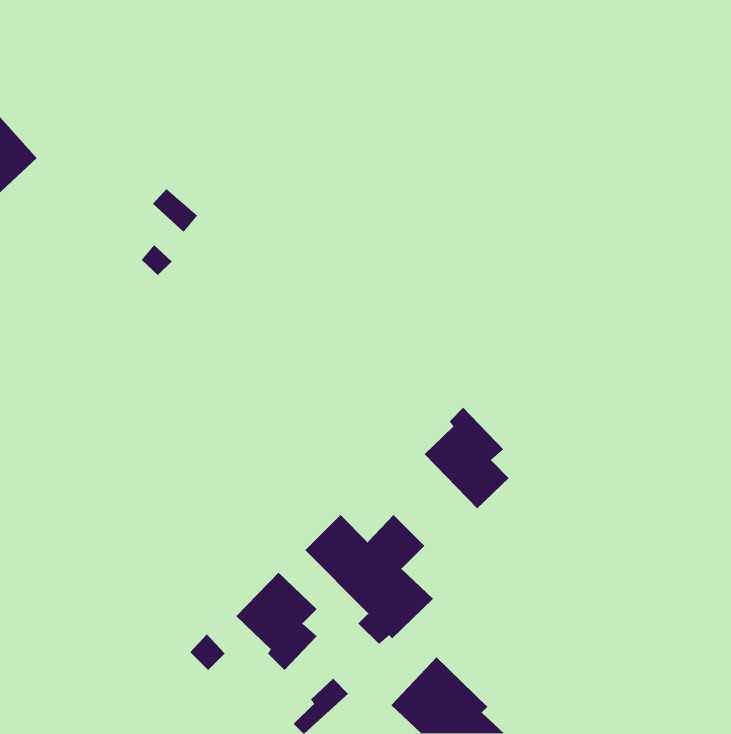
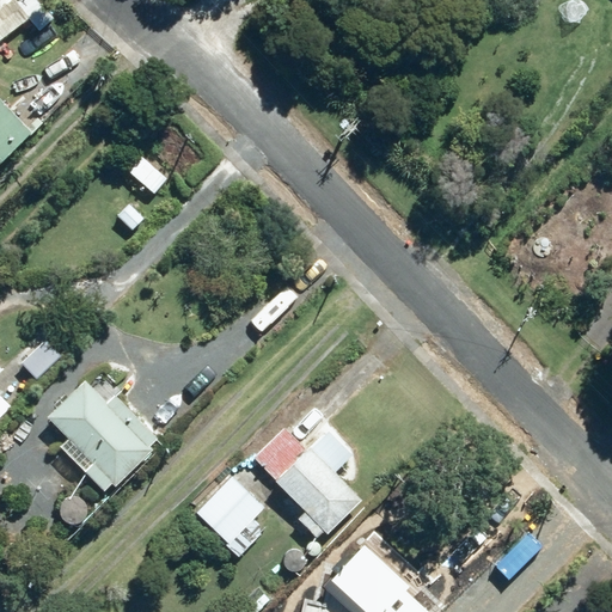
building: [424,407,510,509] -> none
building: none -> [47,377,155,490]

